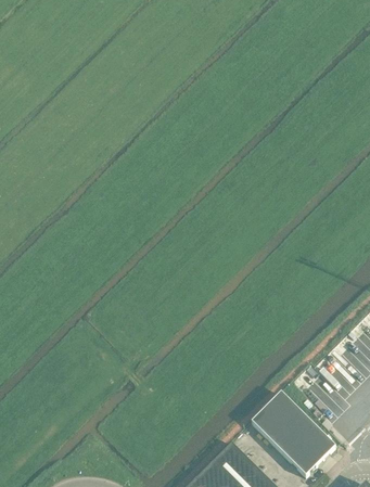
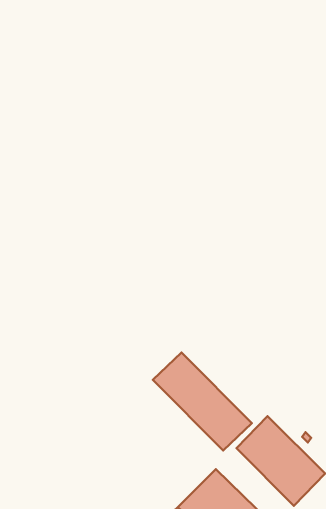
building: none -> [153,353,252,450]

